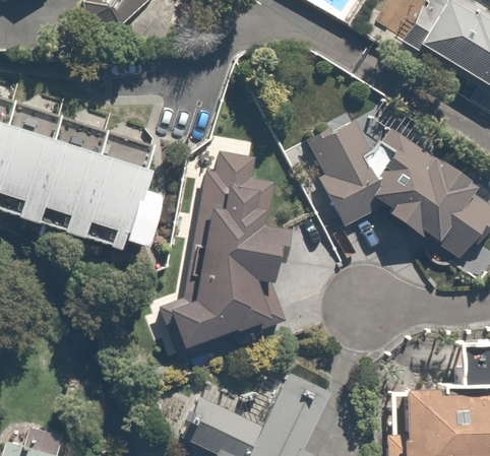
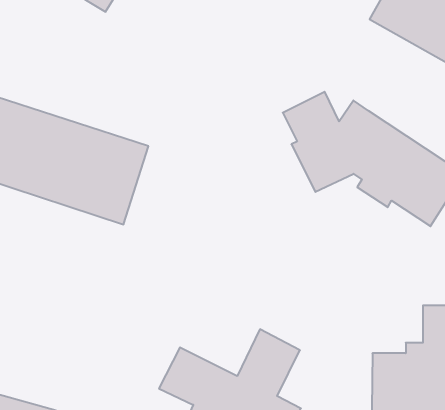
building: [164,148,293,349] -> none

